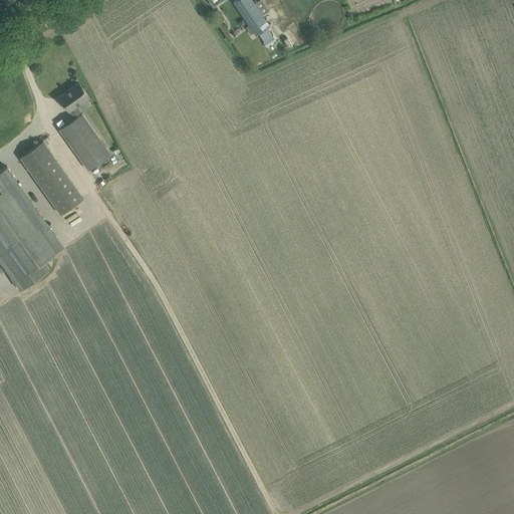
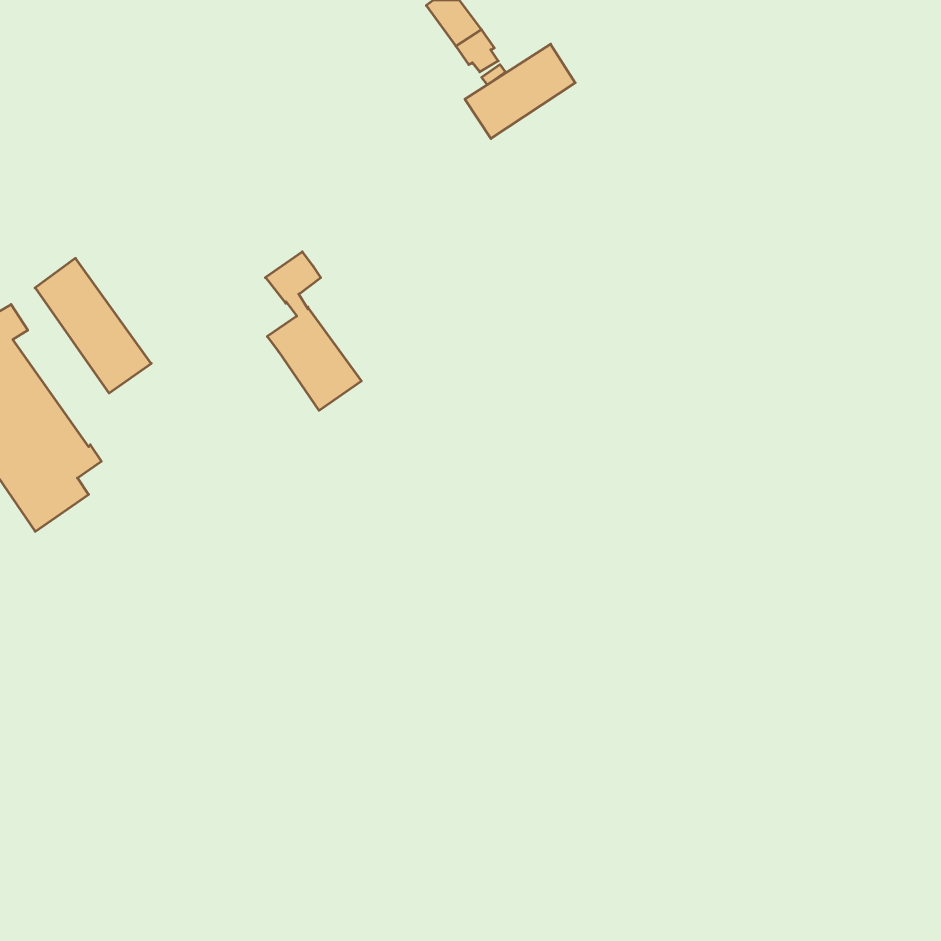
building: none -> [465,44,575,139]
building: [57,83,109,170] -> [265,252,361,410]

